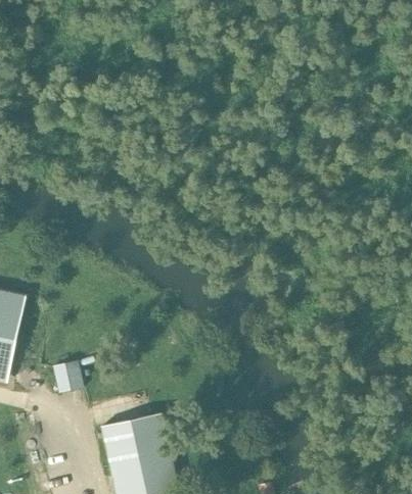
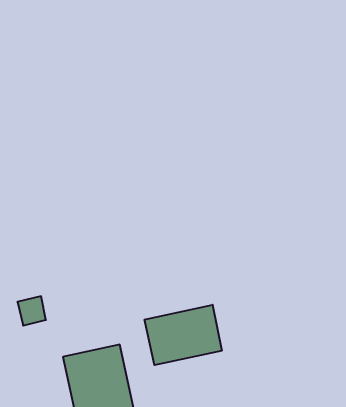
building: none -> [145,305,222,365]

